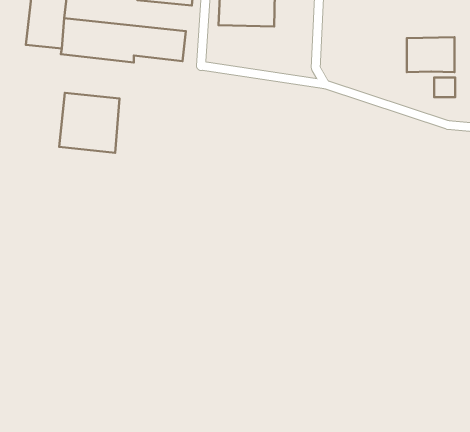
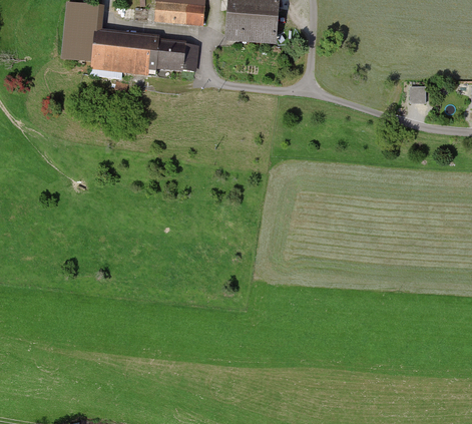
building: [407,37,455,72] -> none
building: [59,93,120,153] -> none

